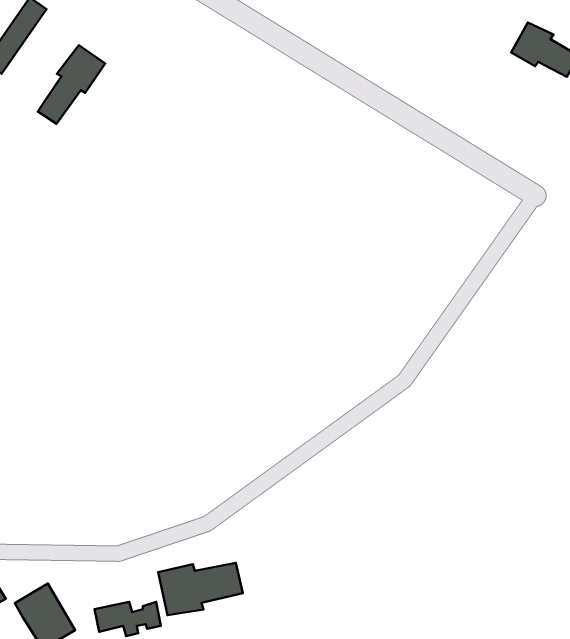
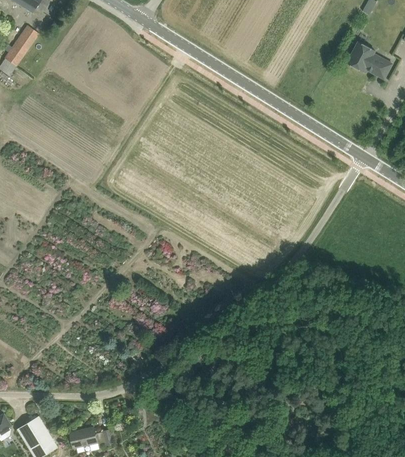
building: [38,45,105,124] -> none
building: [158,563,243,615] -> none

